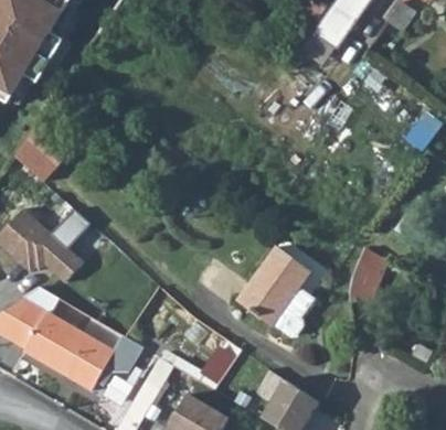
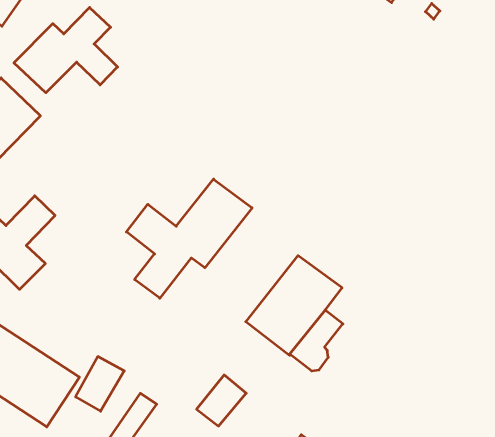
building: none -> [14,7,118,93]
building: none -> [126,179,252,298]
building: [350,246,389,297] -> none

